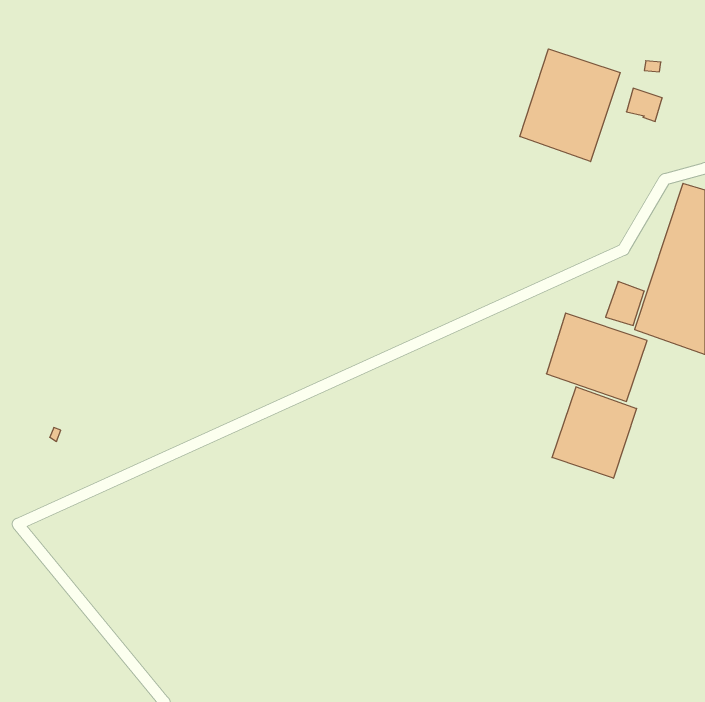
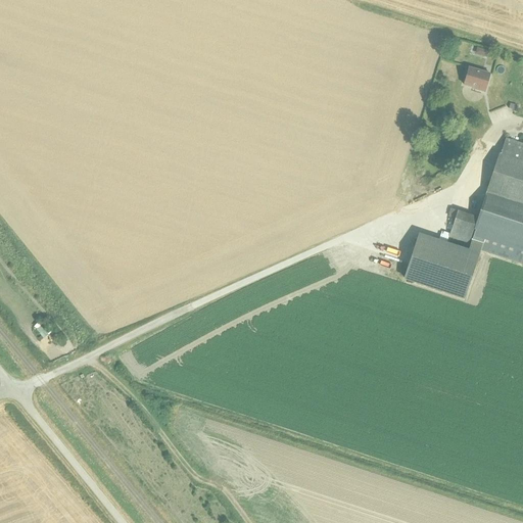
building: [520,49,620,162] -> none
building: [552,387,637,478] -> none

